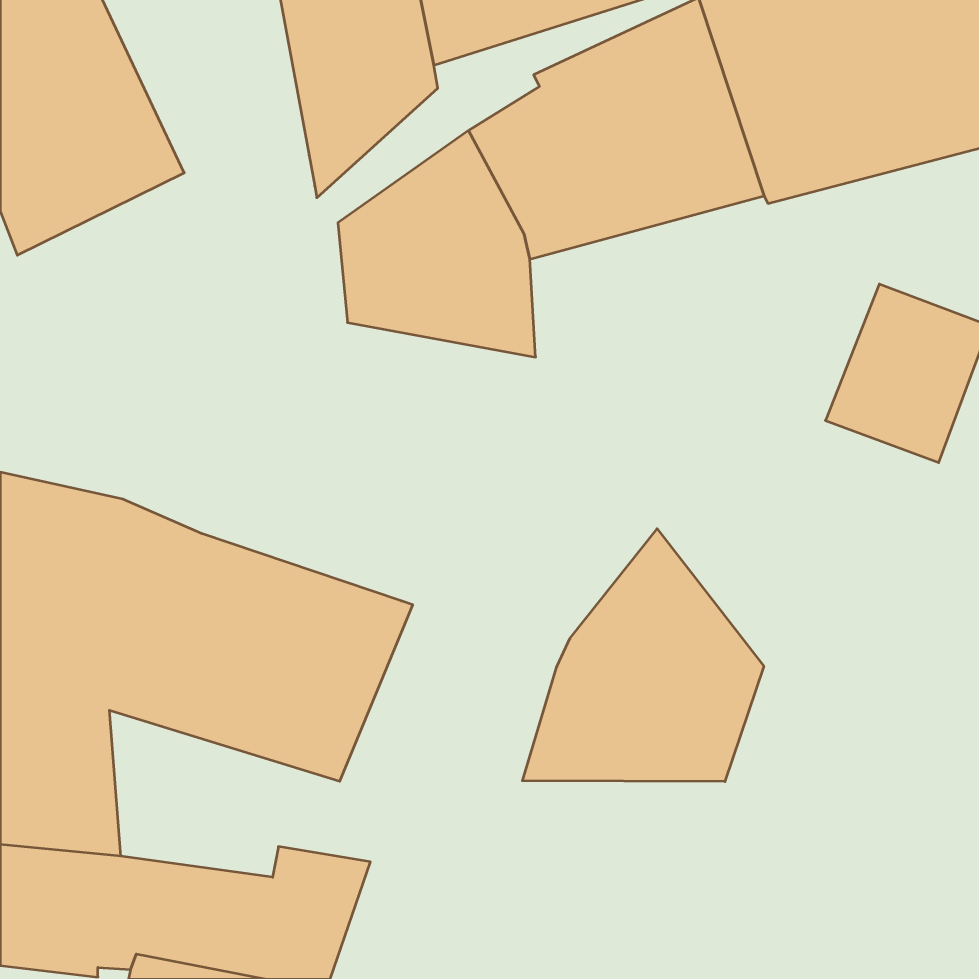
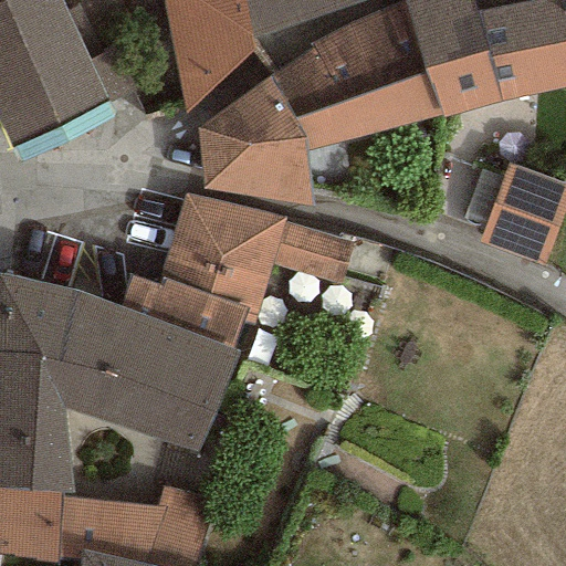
building: none -> [117,192,353,346]
building: [522,529,764,782] -> none

